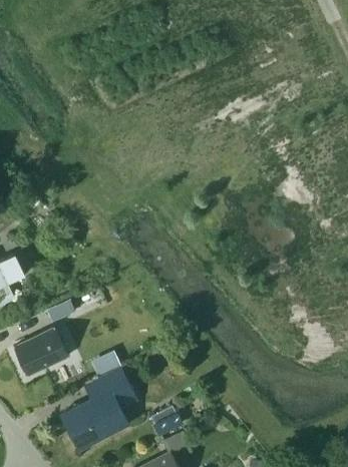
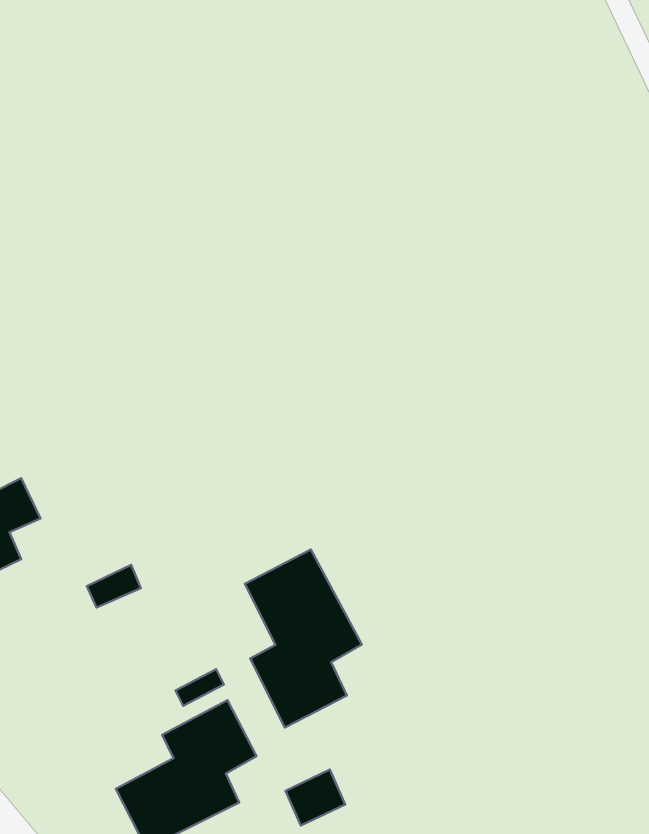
building: none -> [245,550,362,727]
building: [13,328,68,377] -> none

